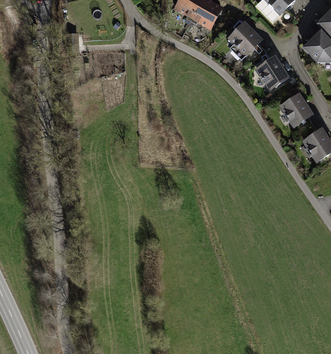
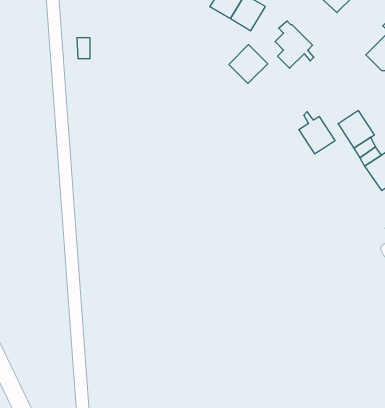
building: none -> [229,45,268,83]
building: [258,53,288,88] -> [299,112,335,154]

